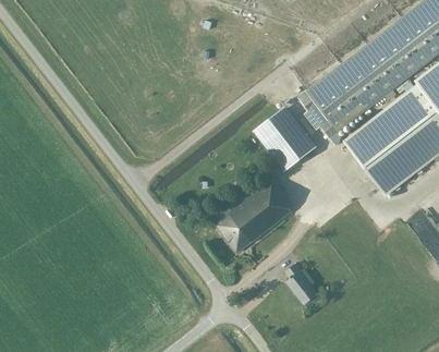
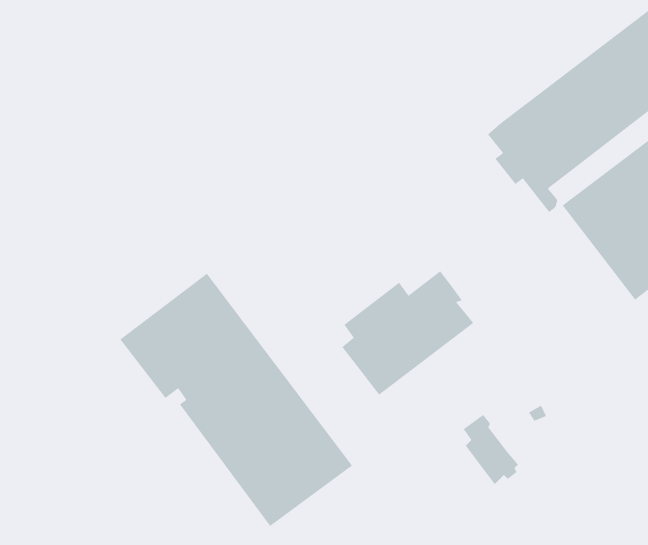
building: [256,104,317,168] -> none
building: none -> [120,273,353,527]

